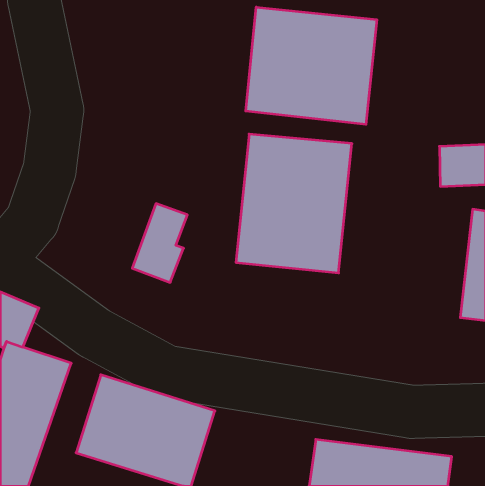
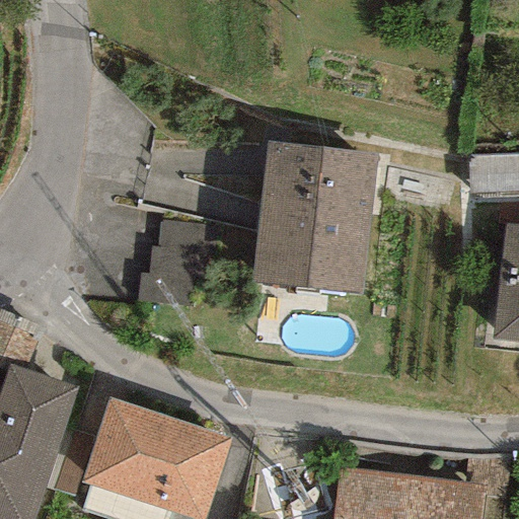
building: [246,7,377,124] -> none

